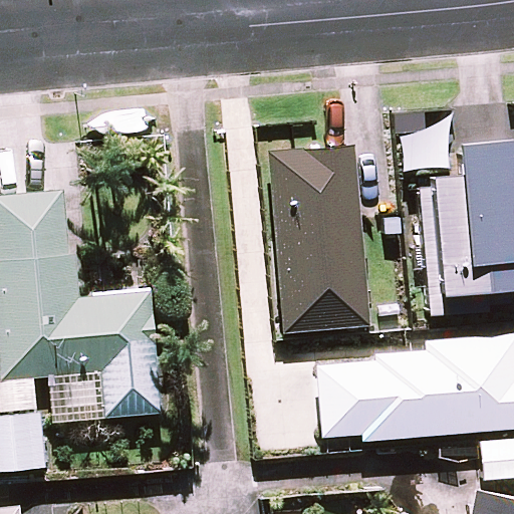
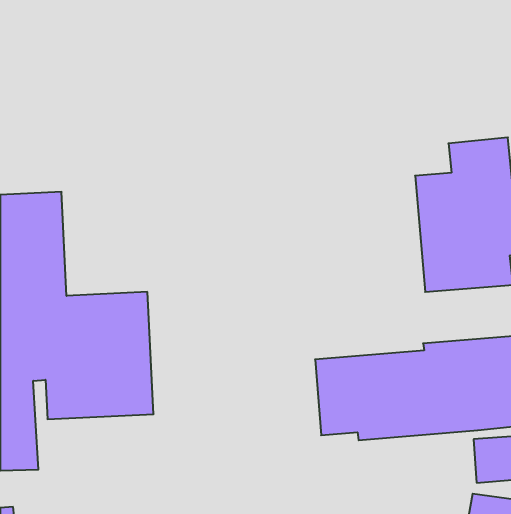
building: [269,147,367,332] -> none

